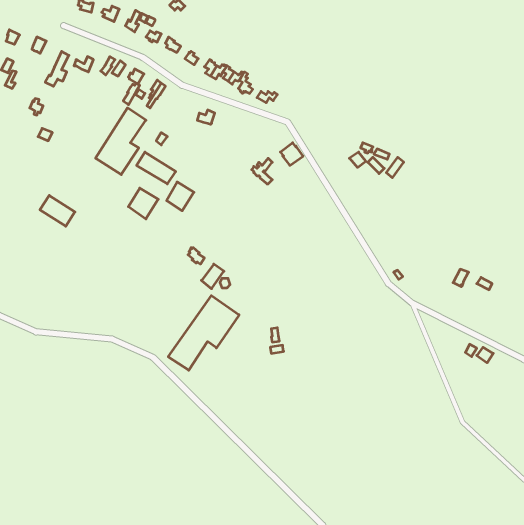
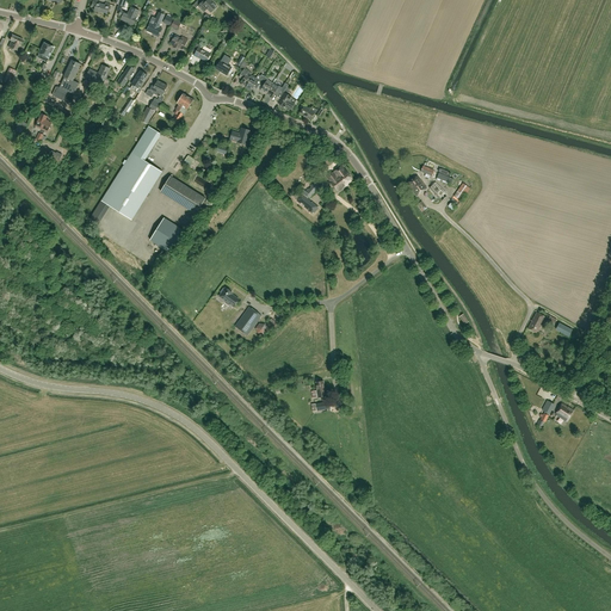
building: [167,182,194,211] -> none
building: [40,195,75,226] -> [100,184,141,220]
building: [168,296,239,370] -> none

